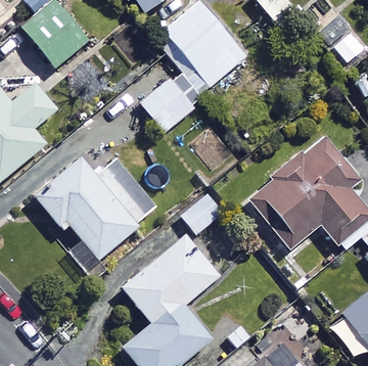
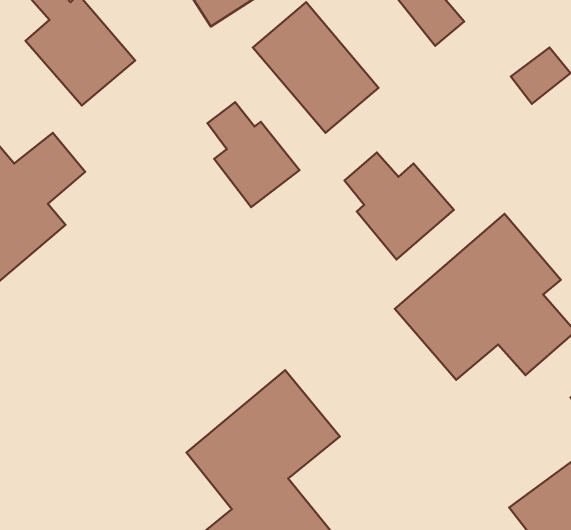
building: none -> [344,152,454,260]
building: [35,154,160,260] -> none

